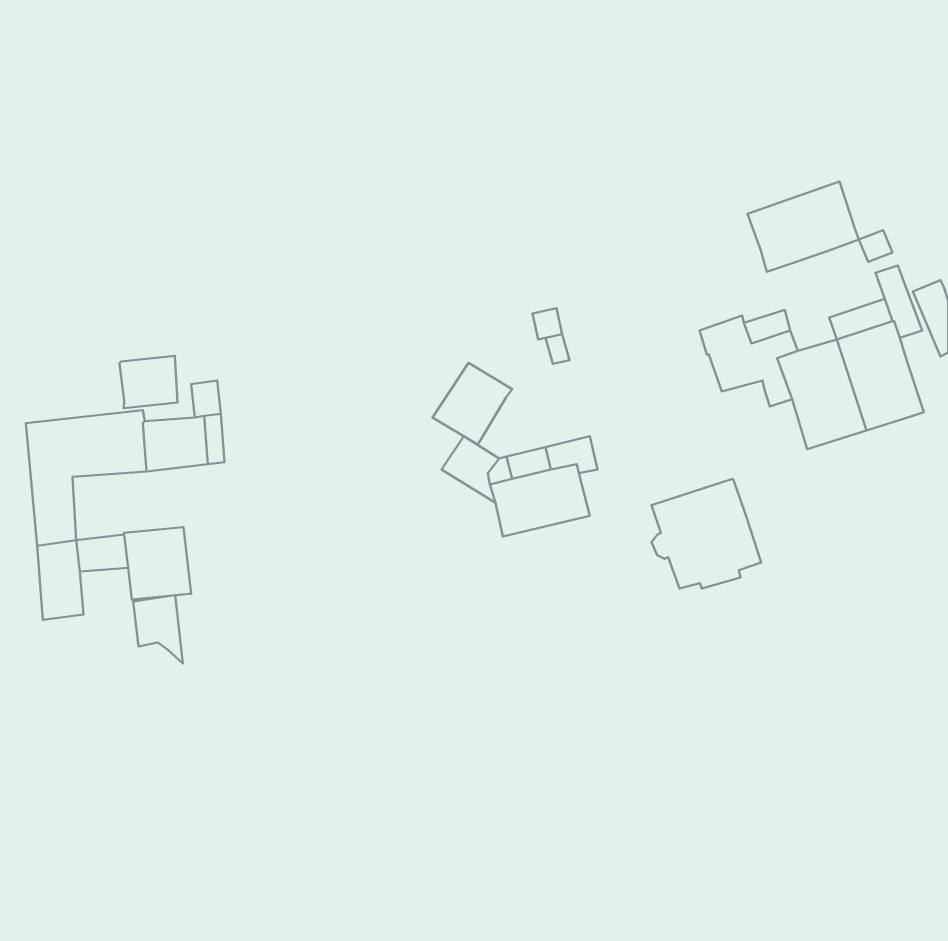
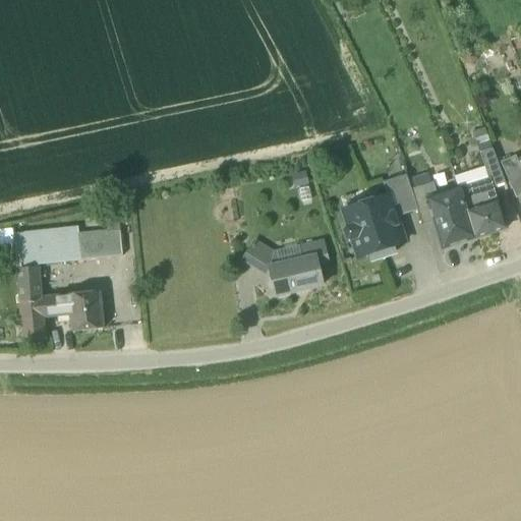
building: [747,181,859,272] -> none
building: [120,356,177,408] -> none
building: [432,363,512,444] -> none
building: [652,479,761,589] -> [344,194,404,254]
building: [133,595,183,664] -> none

